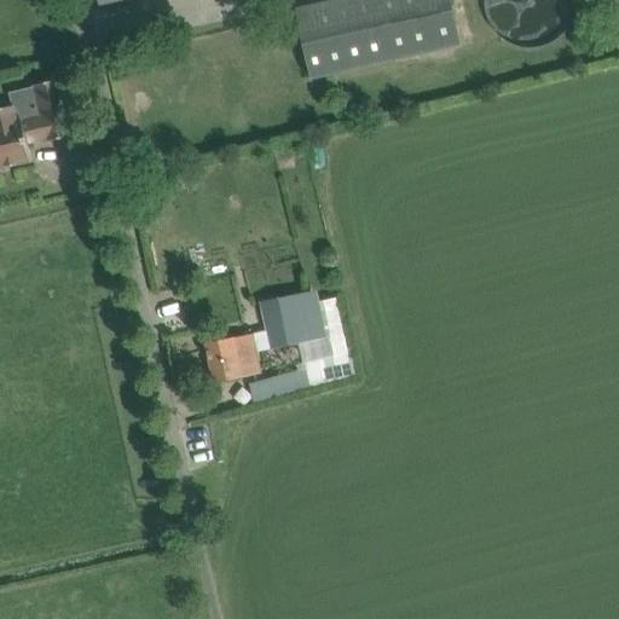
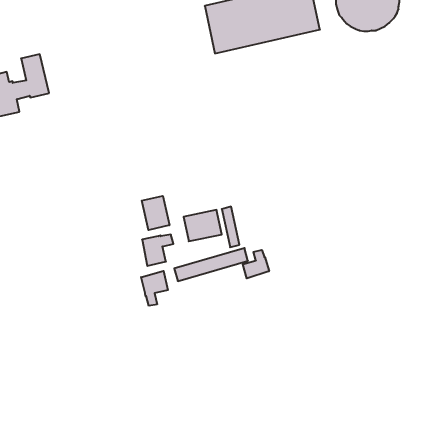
building: none -> [142,196,169,230]
building: none -> [243,250,269,278]
building: none -> [141,271,168,306]

